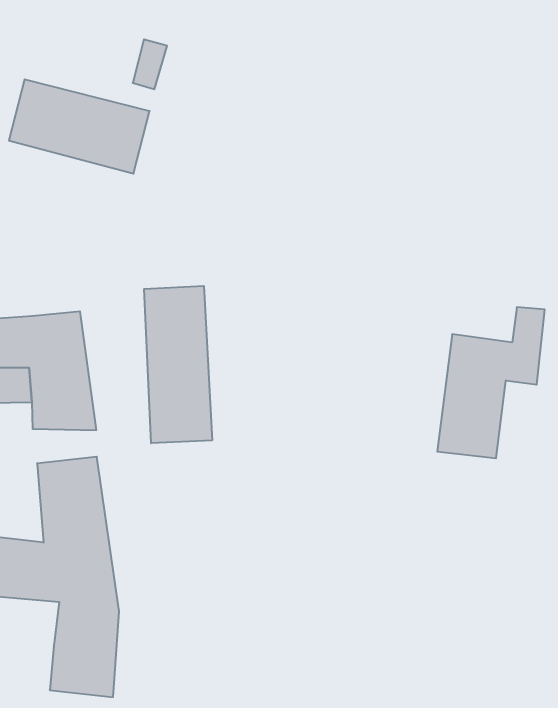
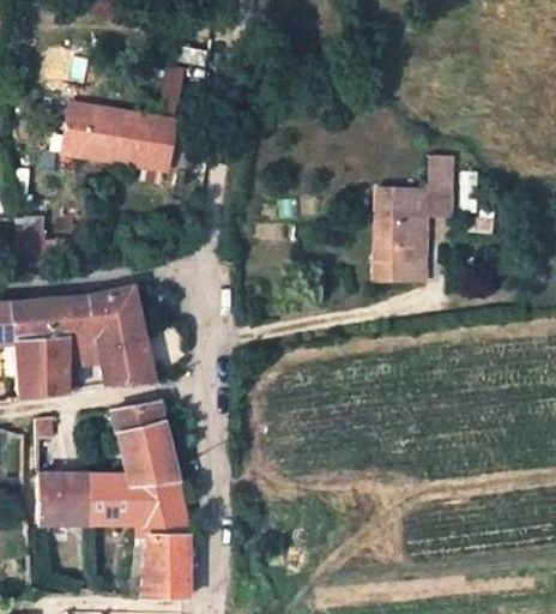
building: [144,286,212,443] -> none
building: [437,307,545,458] -> [377,157,454,281]

